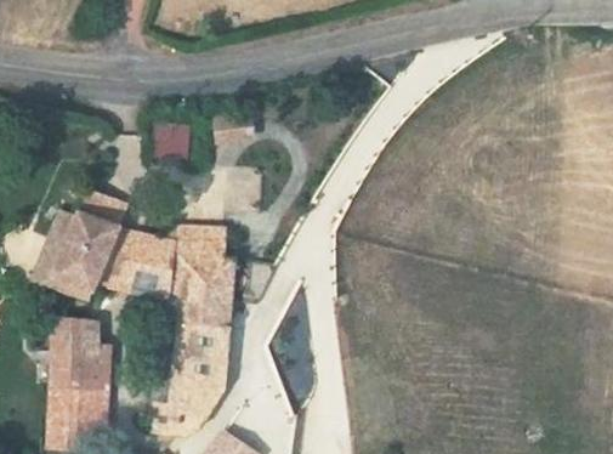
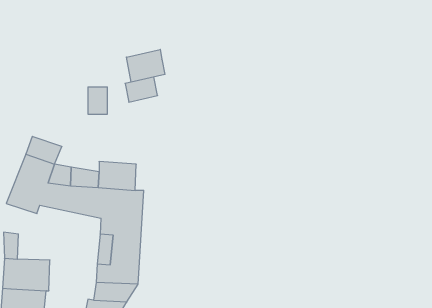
building: none -> [126,49,165,82]

